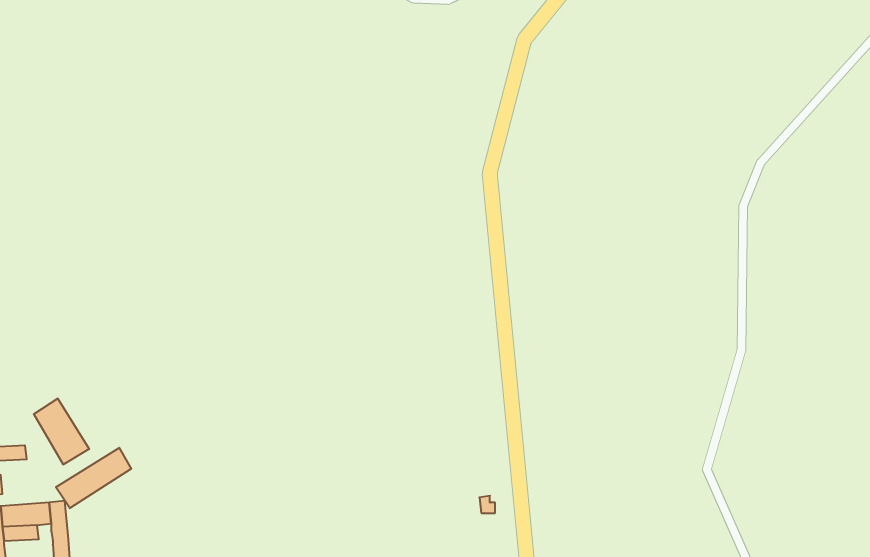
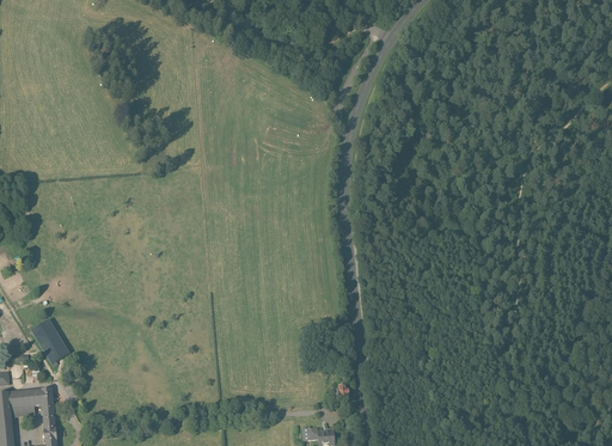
building: [56,448,131,508] -> none

